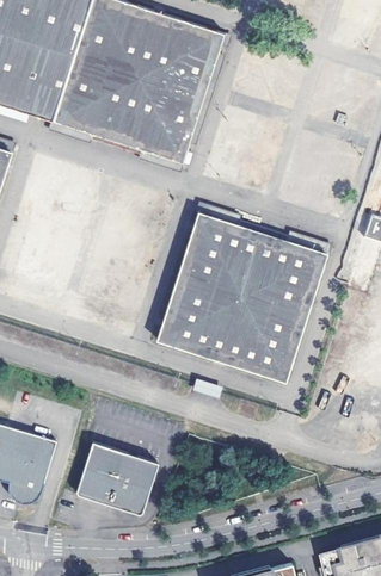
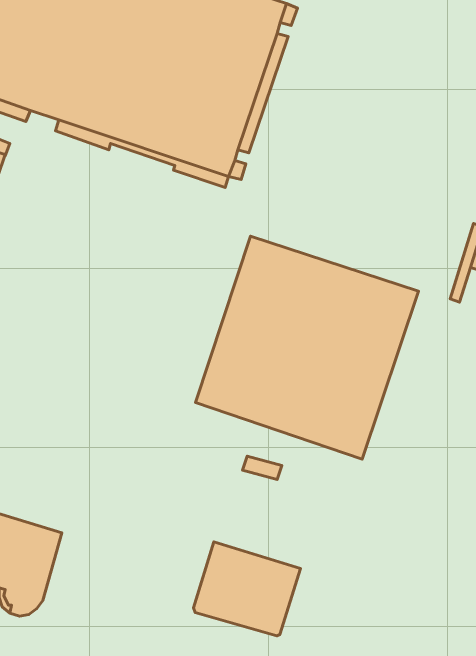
building: [75,441,156,513] -> [194,542,300,636]

